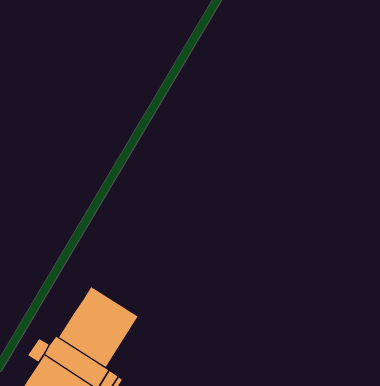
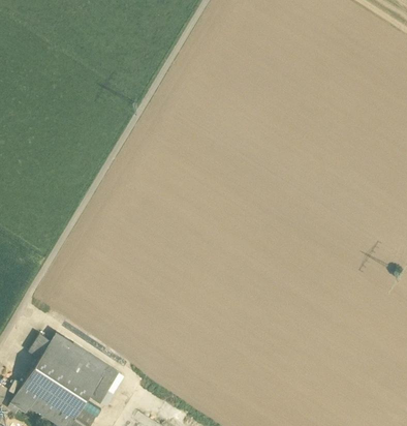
building: [58,286,139,368] -> none

